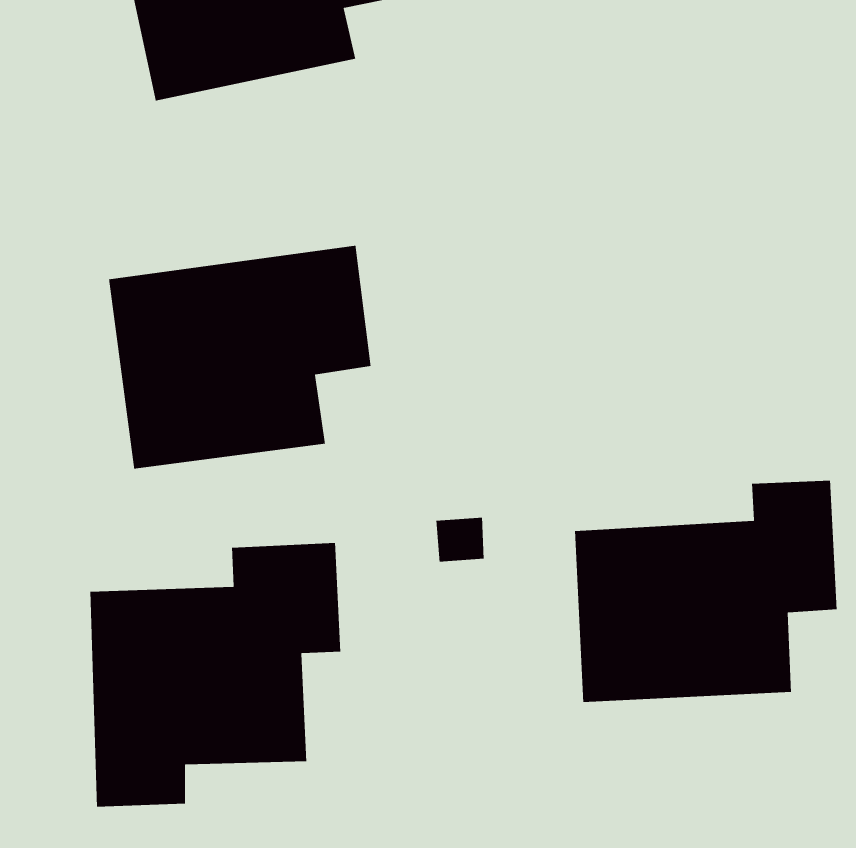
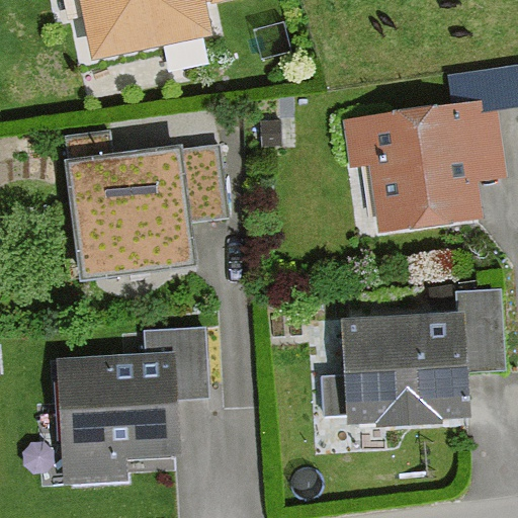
building: none -> [342,100,500,229]

